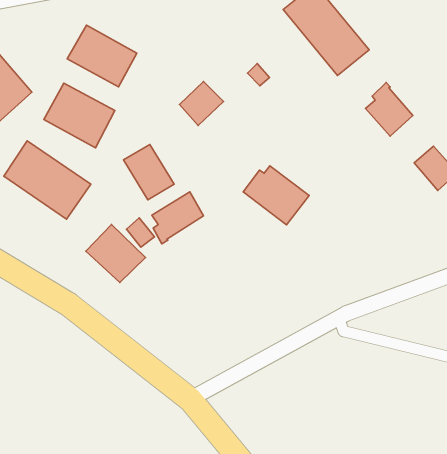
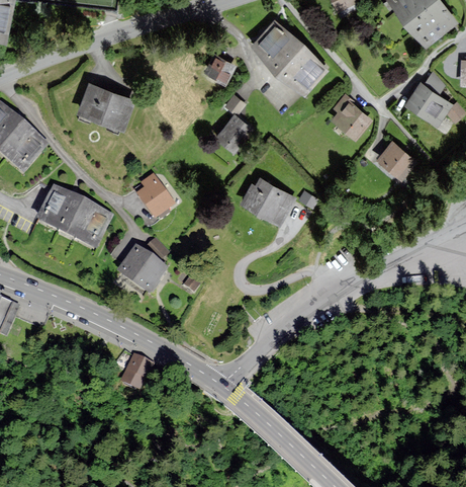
building: none -> [205,52,239,85]
building: [179,82,223,126] -> [214,116,251,154]
building: [44,83,115,148] -> none
building: [152,192,204,244] -> none
building: none -> [121,355,151,389]

